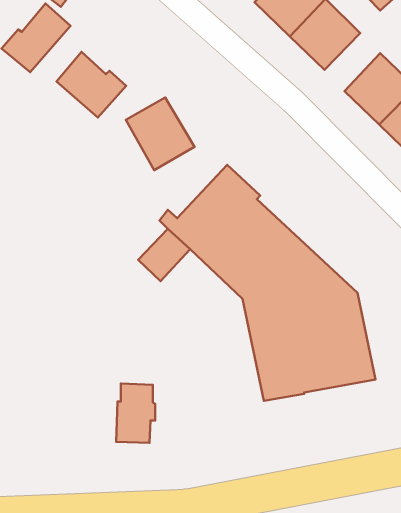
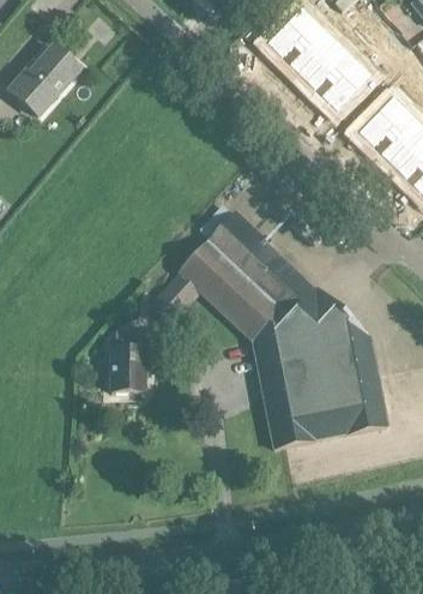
building: [56,52,126,117] -> none
building: [126,97,195,170] -> none
building: [116,384,155,443] -> [110,331,150,391]

